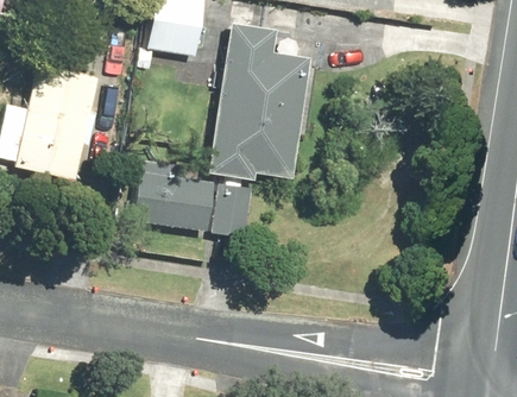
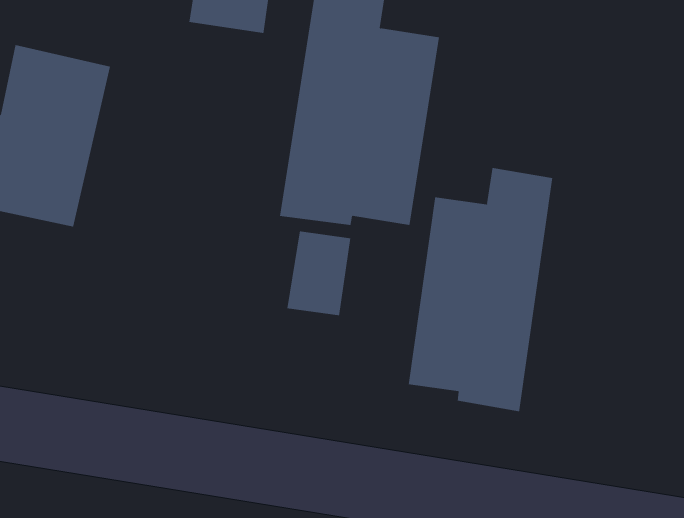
building: none -> [408,167,553,412]
building: [133,158,216,232] -> none

